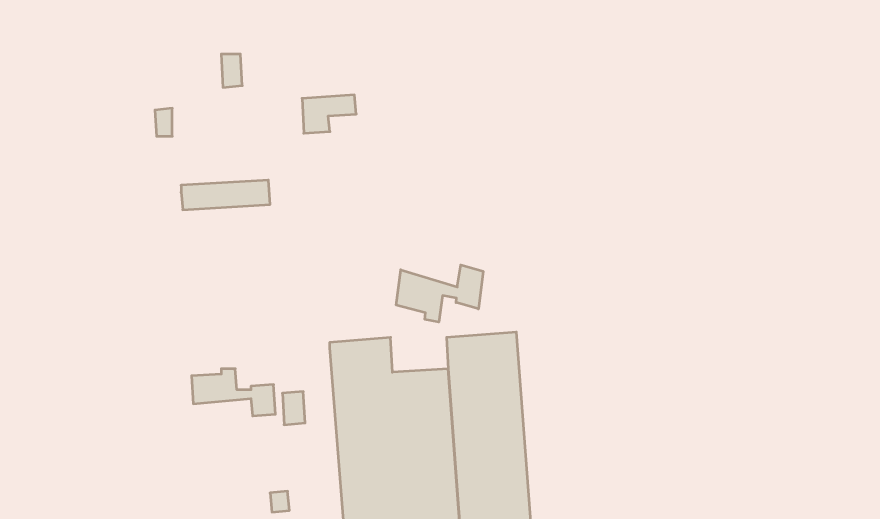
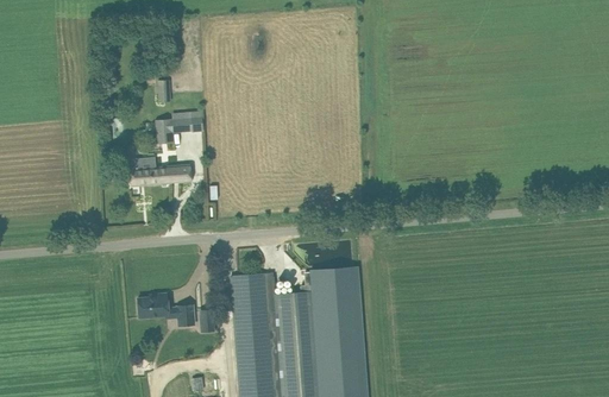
building: [302,95,356,133] -> [155,118,192,144]
building: [396,265,483,322] -> none

